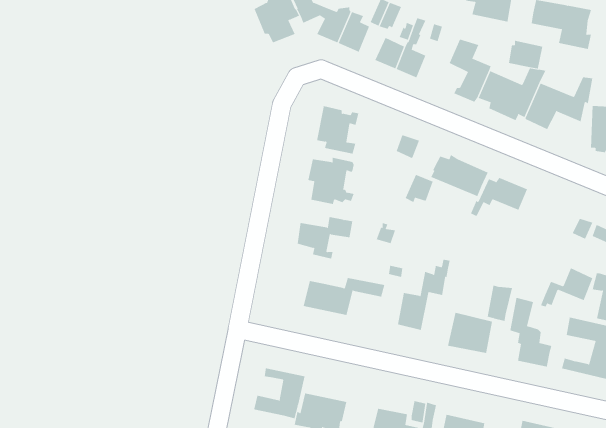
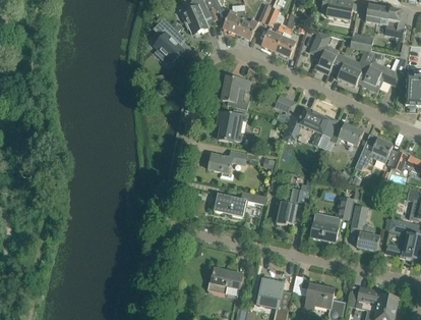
building: none -> [152,14,184,61]
building: [540,268,593,307] -> [356,138,392,164]
building: [253,368,305,419] -> none

